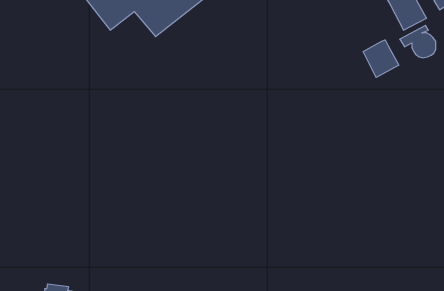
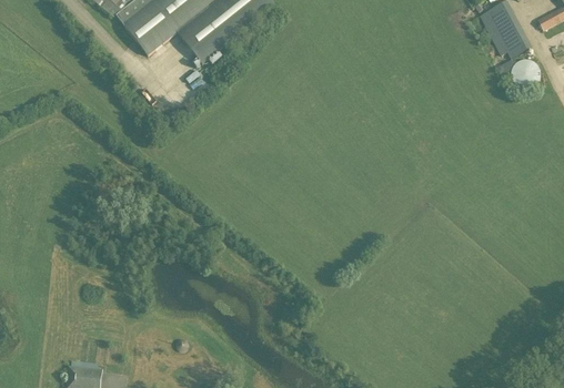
building: [363,40,399,77] -> none

